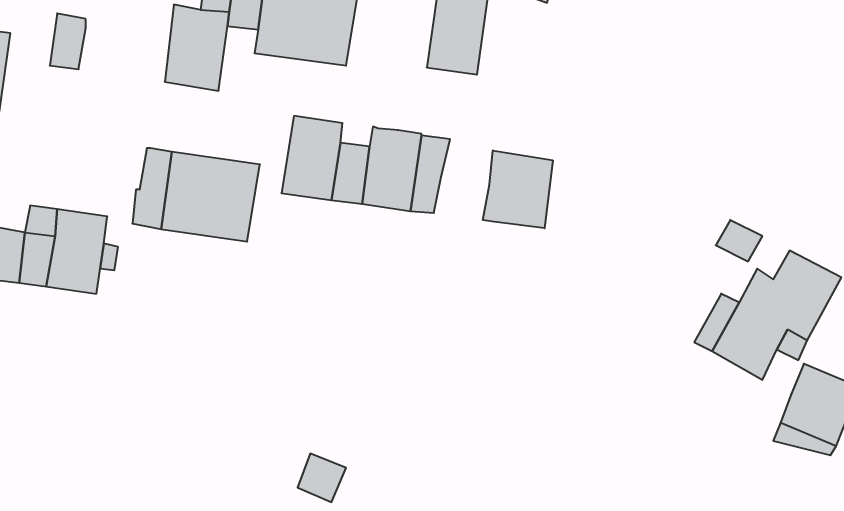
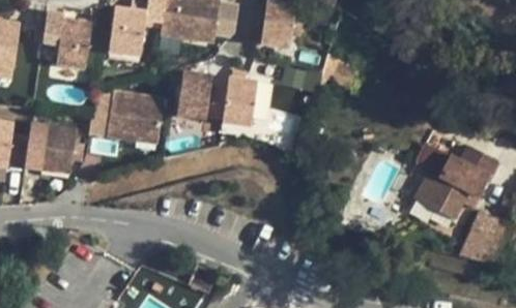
building: none -> [56,21,91,68]
building: [483,150,553,228] -> none

